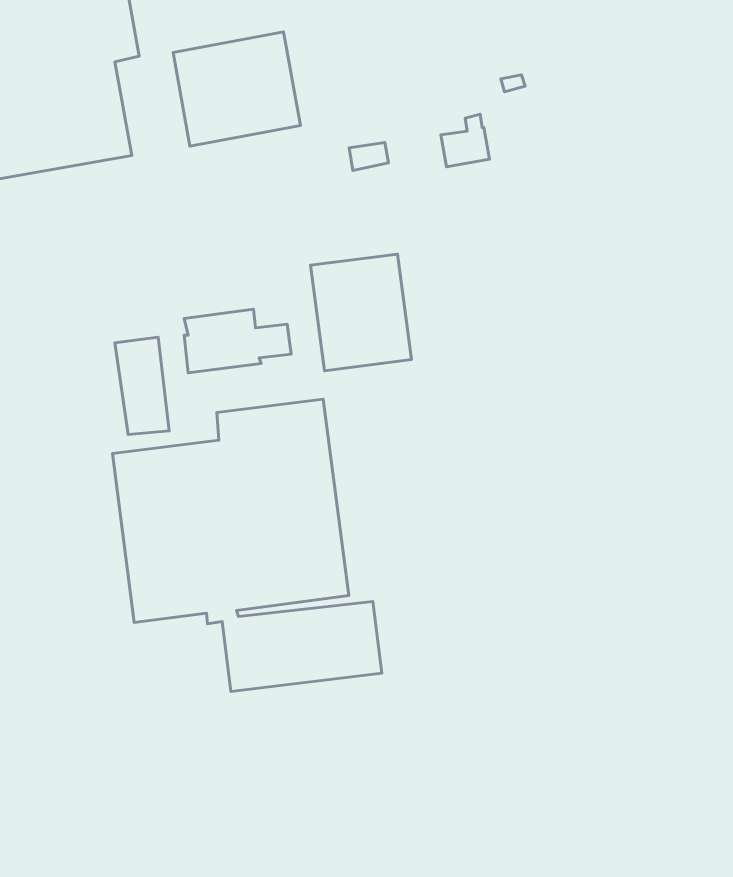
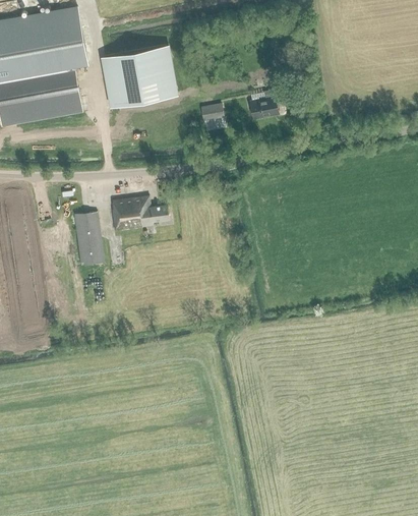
building: [310,254,411,371] -> none
building: [113,399,382,691] -> none

